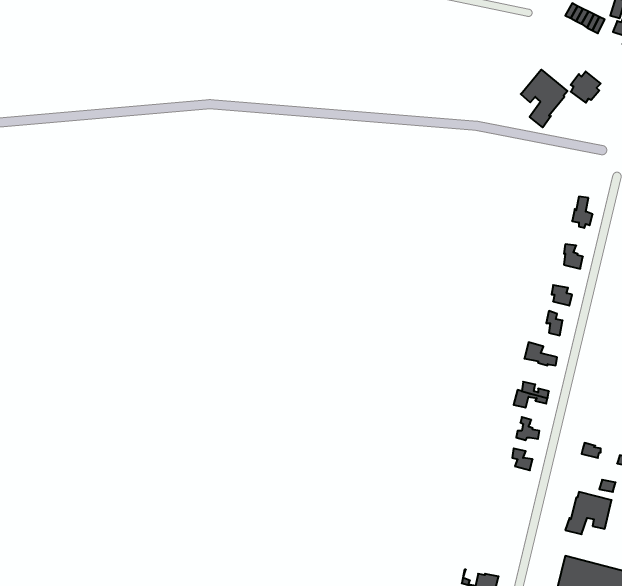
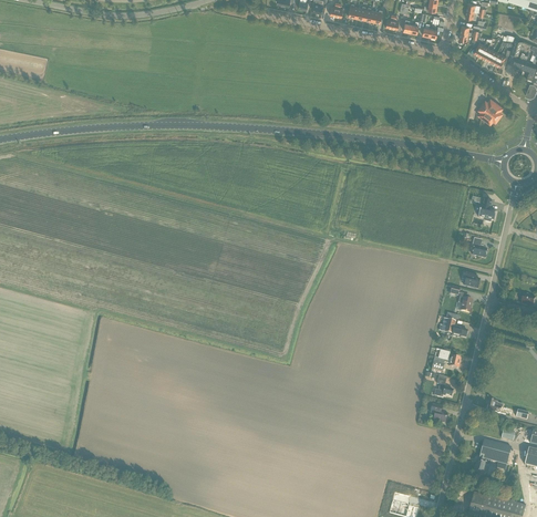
building: [521,70,567,127] -> none

